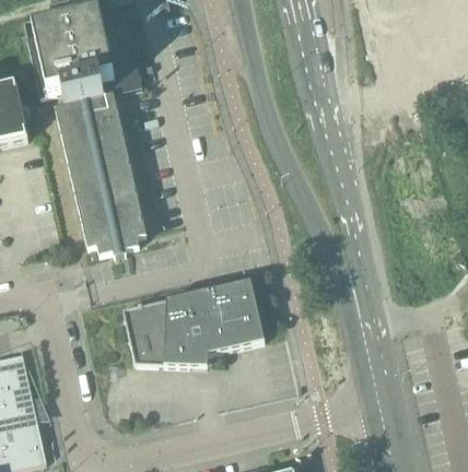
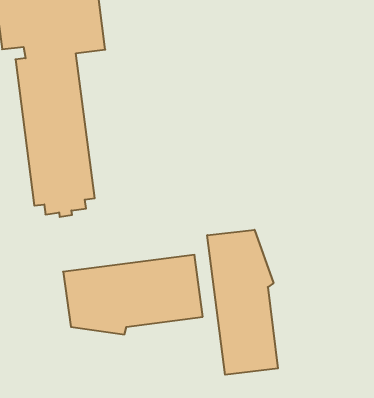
building: none -> [207,230,278,375]

